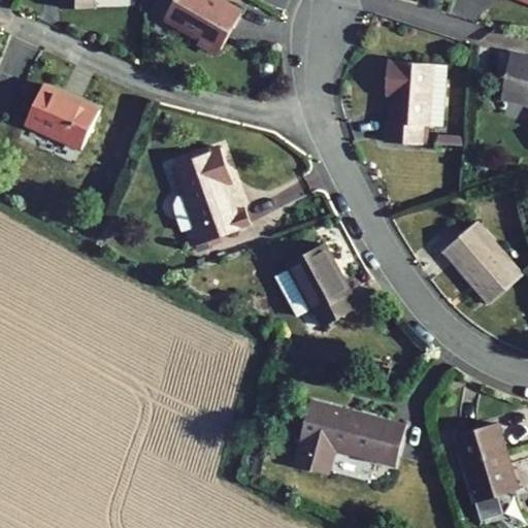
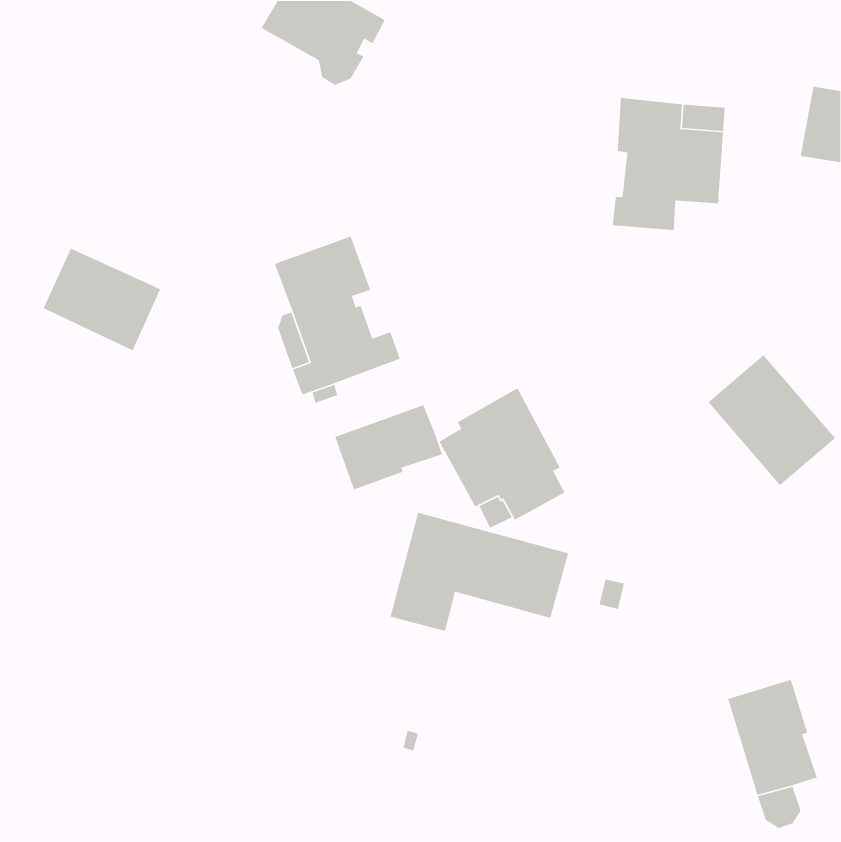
building: [25,85,99,150] -> [42,248,161,351]
building: none -> [334,404,443,491]
building: [293,398,405,473] -> [389,512,569,632]

